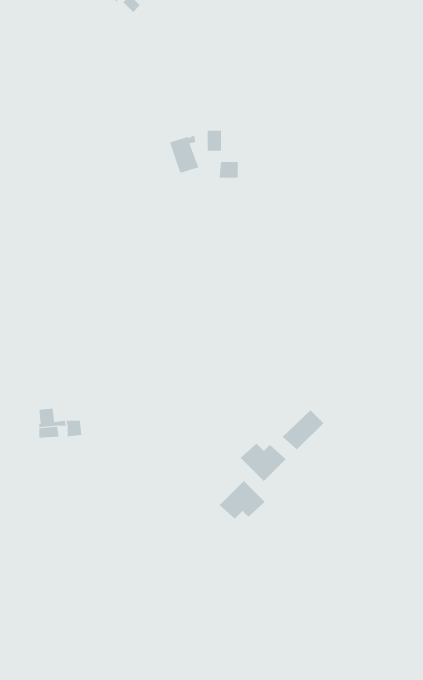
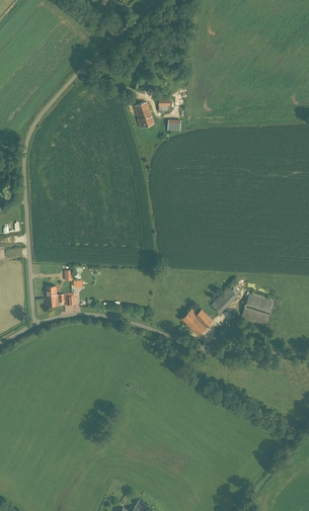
building: none -> [241,292,274,325]
building: [219,480,266,520] -> none

